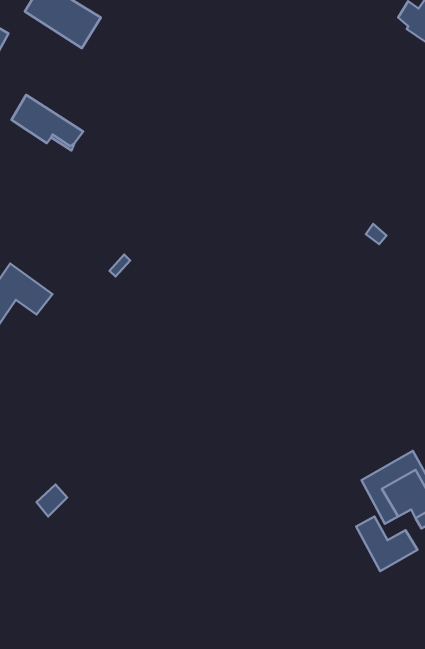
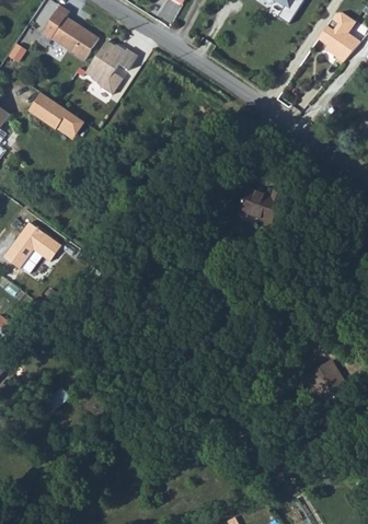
building: none -> [84,40,138,96]
building: none -> [237,184,285,232]
building: [356,517,418,571] -> none

